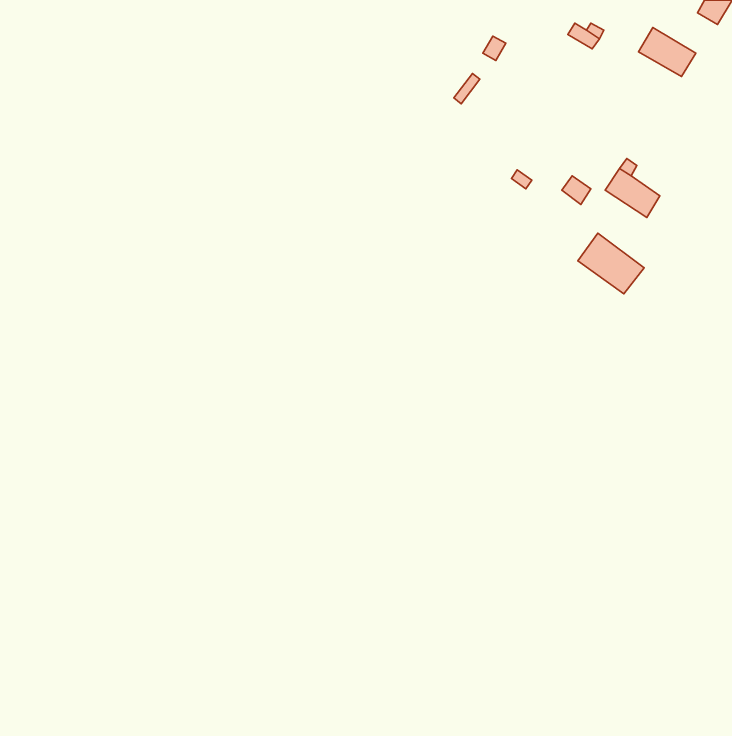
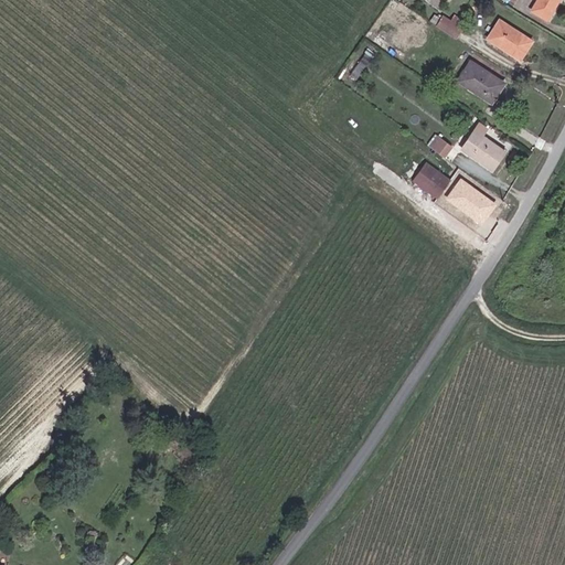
building: none -> [455,63,501,105]
building: none -> [411,158,448,193]

